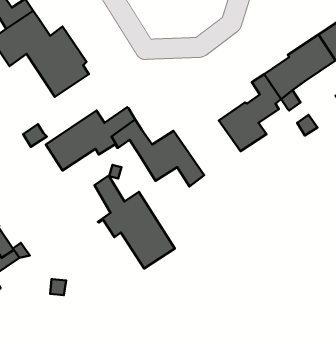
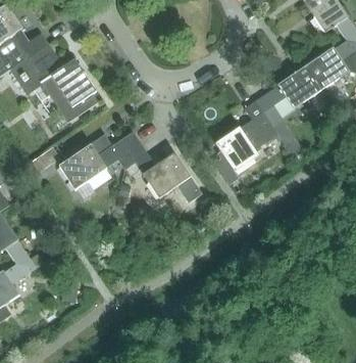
building: [94,176,175,269] -> none

